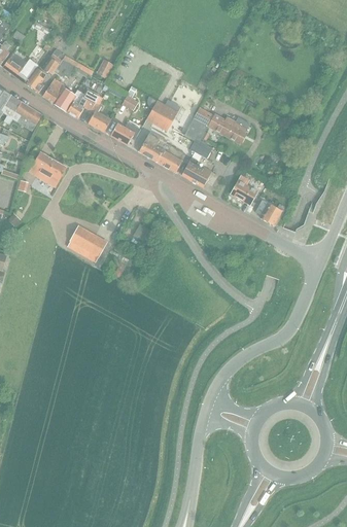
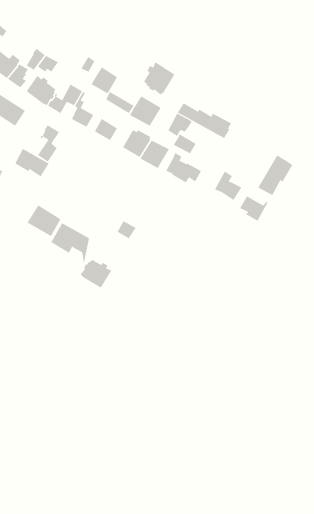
building: none -> [144,61,175,95]
building: none -> [91,66,118,94]
building: none -> [37,124,60,163]
building: none -> [258,154,293,196]
building: none -> [27,205,61,237]
building: none -> [80,259,112,288]

